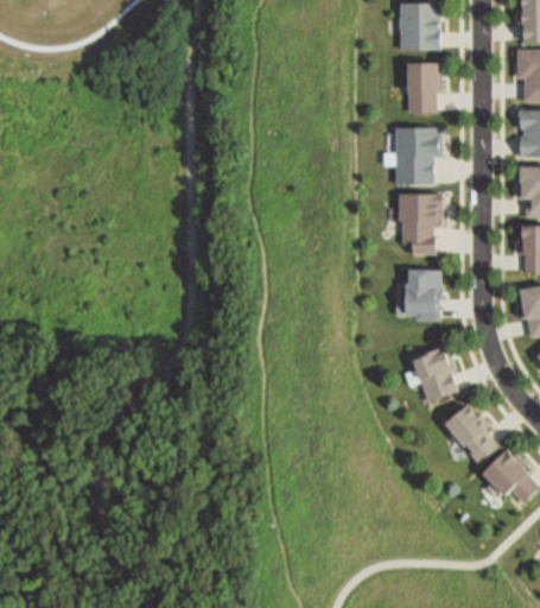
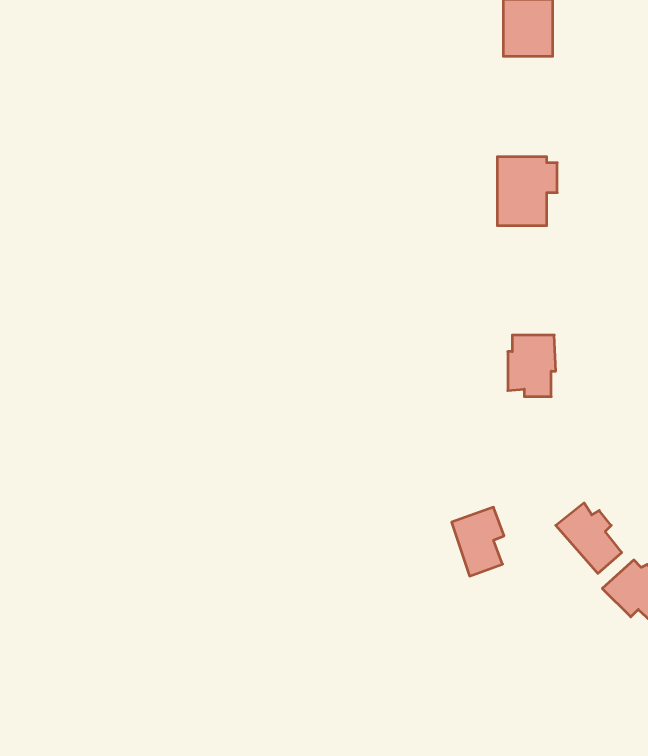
building: [406,64,443,112] -> none
building: [400,194,444,253] -> none
building: [414,346,456,400] -> [452,507,504,576]

